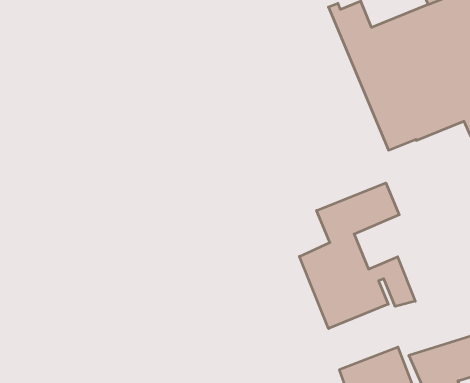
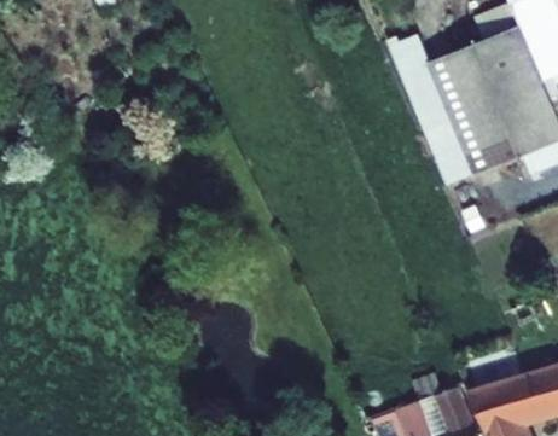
building: [299,183,415,329] -> none

